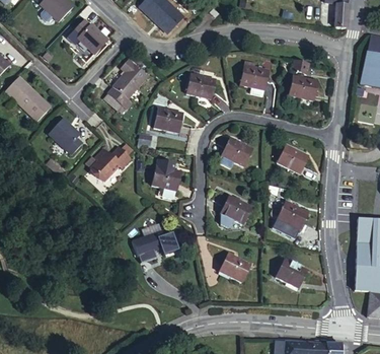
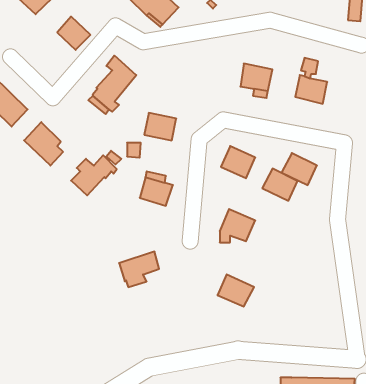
building: [186,75,216,100] -> none
building: [276,200,307,228] -> [262,169,298,201]
building: [276,258,307,286] -> none

